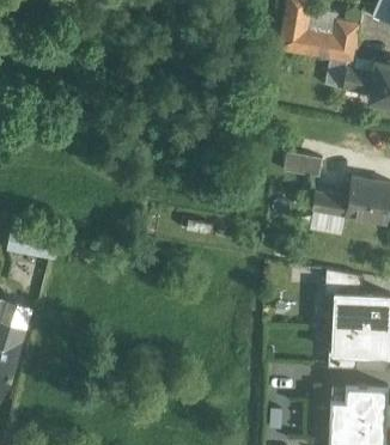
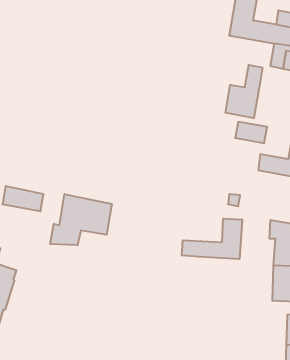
building: none -> [225,65,262,118]
building: none -> [50,194,112,245]
building: none -> [182,219,242,259]

